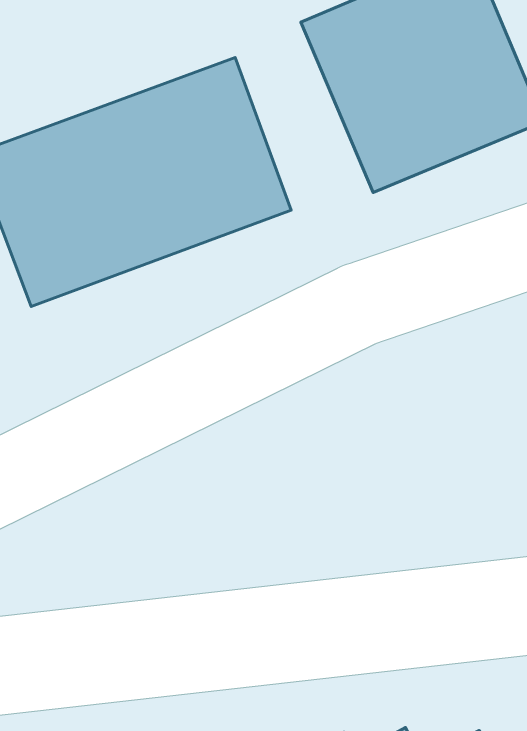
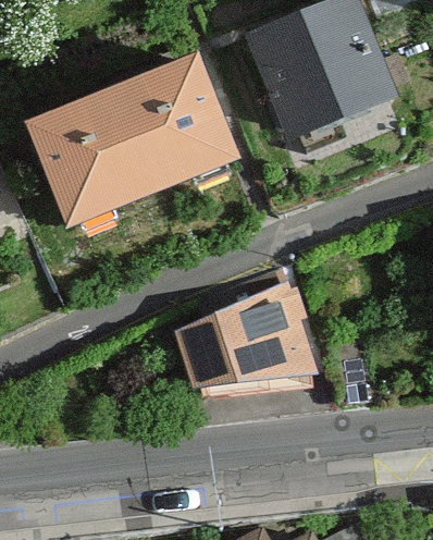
building: none -> [172,271,311,394]

